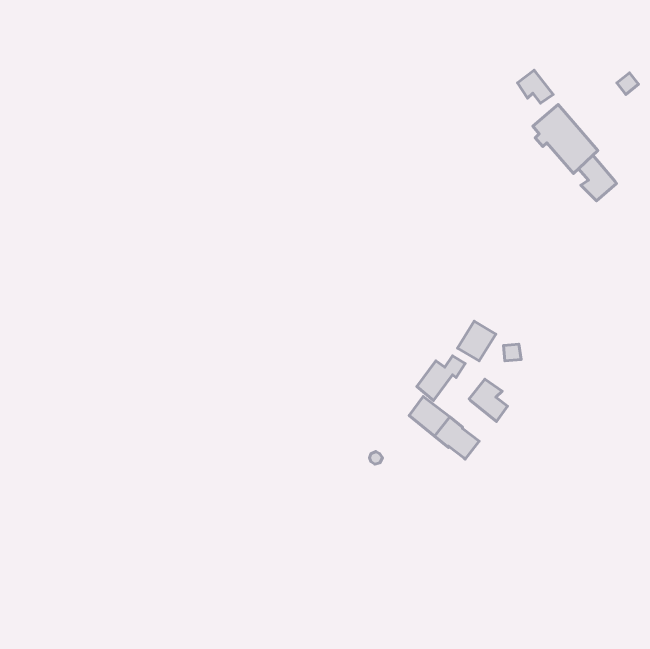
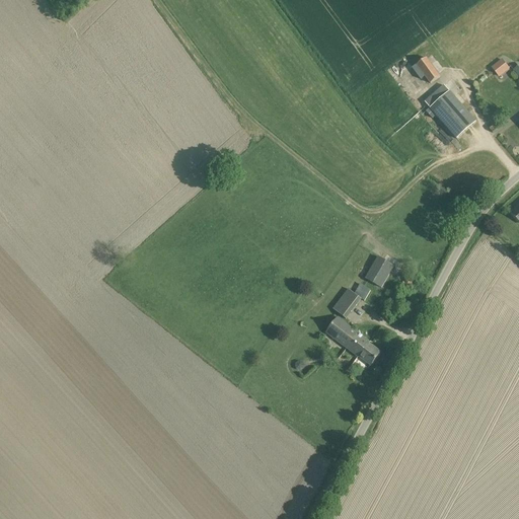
building: [578,155,616,201] -> none
building: [469,379,507,421] -> none

